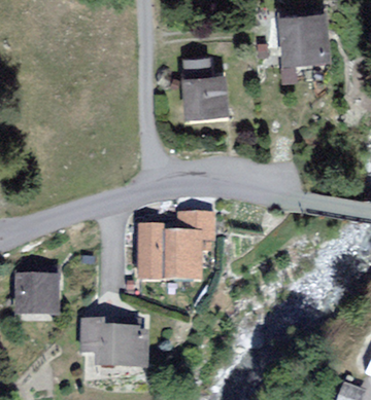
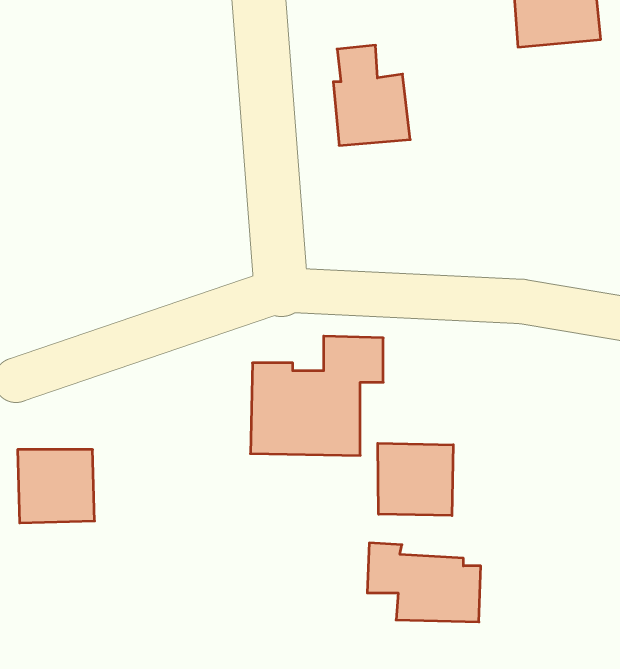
building: none -> [378,443,453,516]
building: [83,322,144,364] -> [367,543,481,622]

